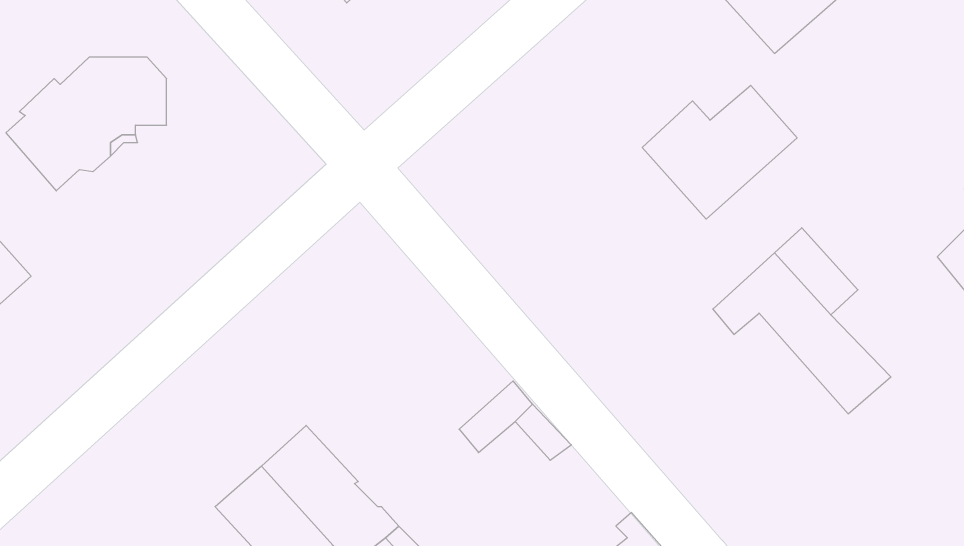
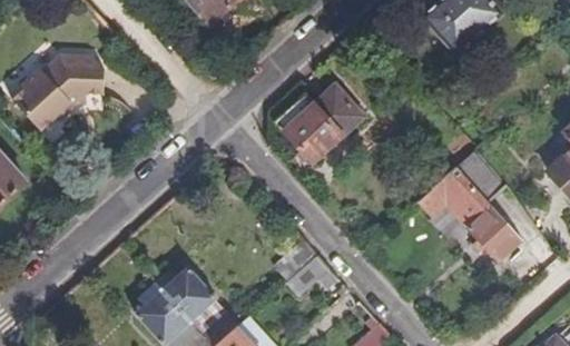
building: [642,85,797,219] -> [274,86,363,162]

